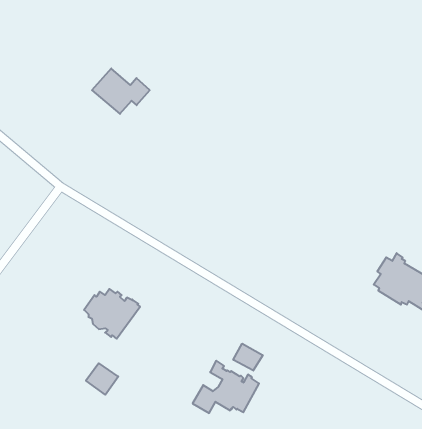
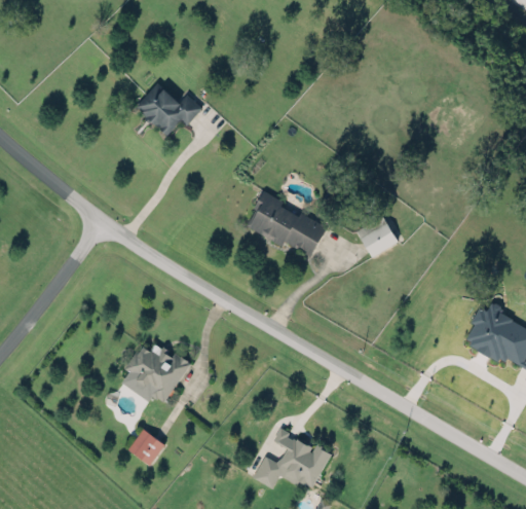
building: none -> [247,190,329,258]
building: none -> [356,217,398,258]
building: [233,344,263,371] -> none

